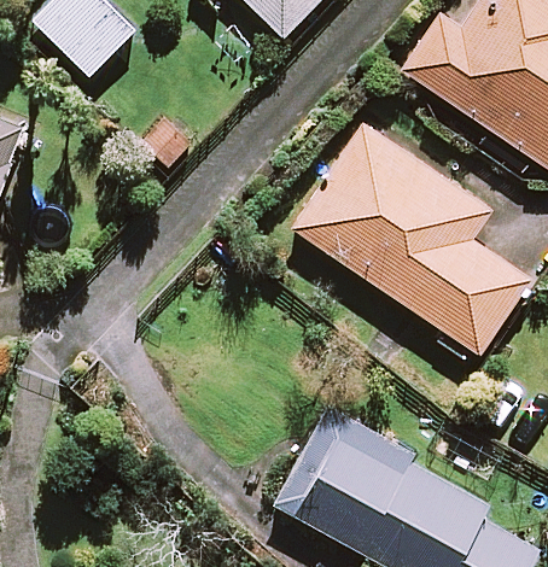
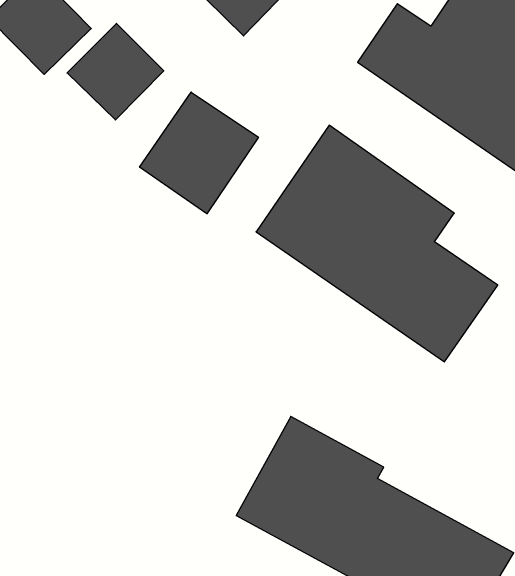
building: none -> [67,23,164,120]
building: none -> [140,92,258,214]

